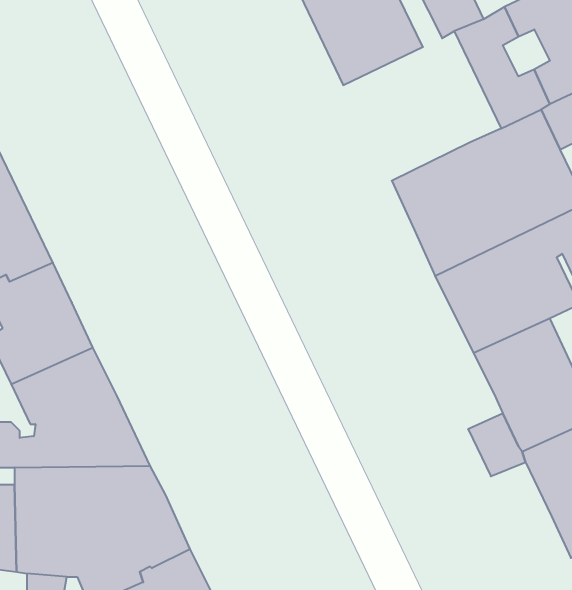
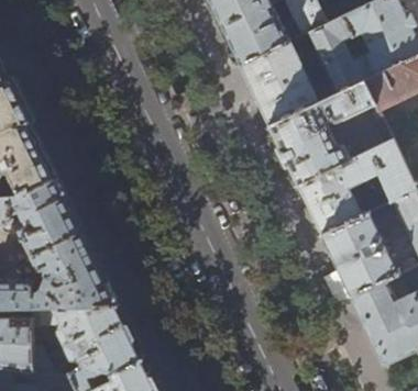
building: none -> [239,42,319,126]

